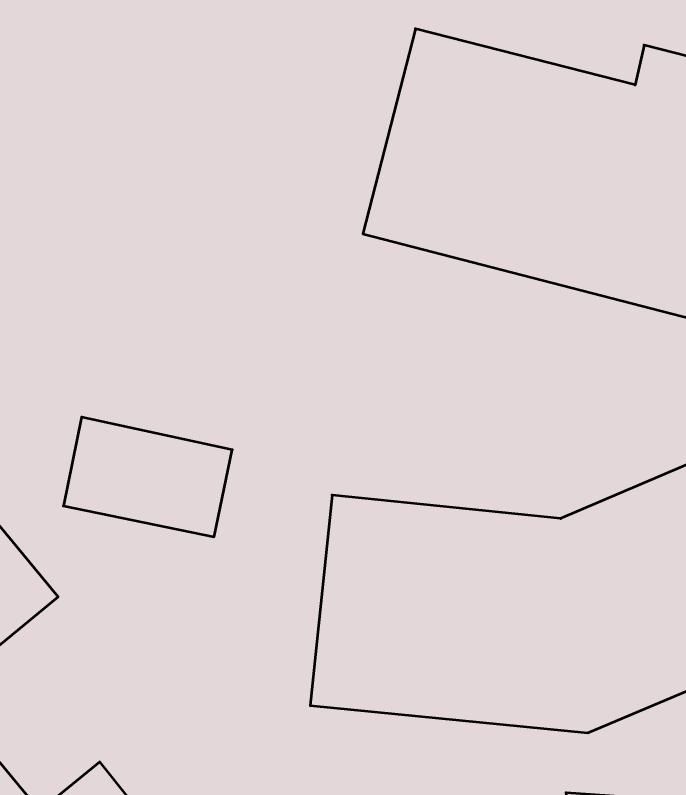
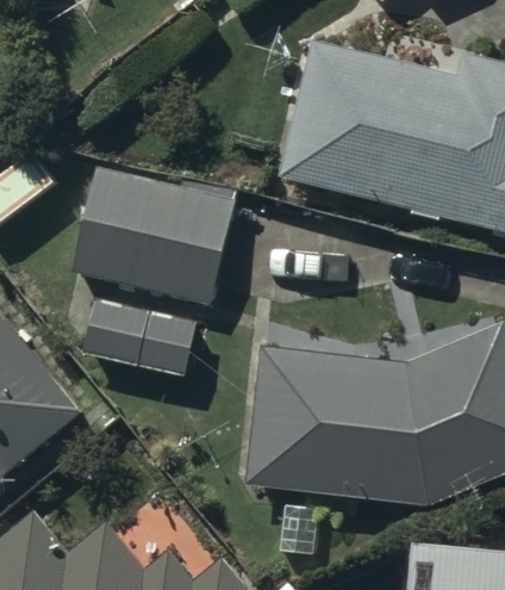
building: none -> [70,168,236,306]

